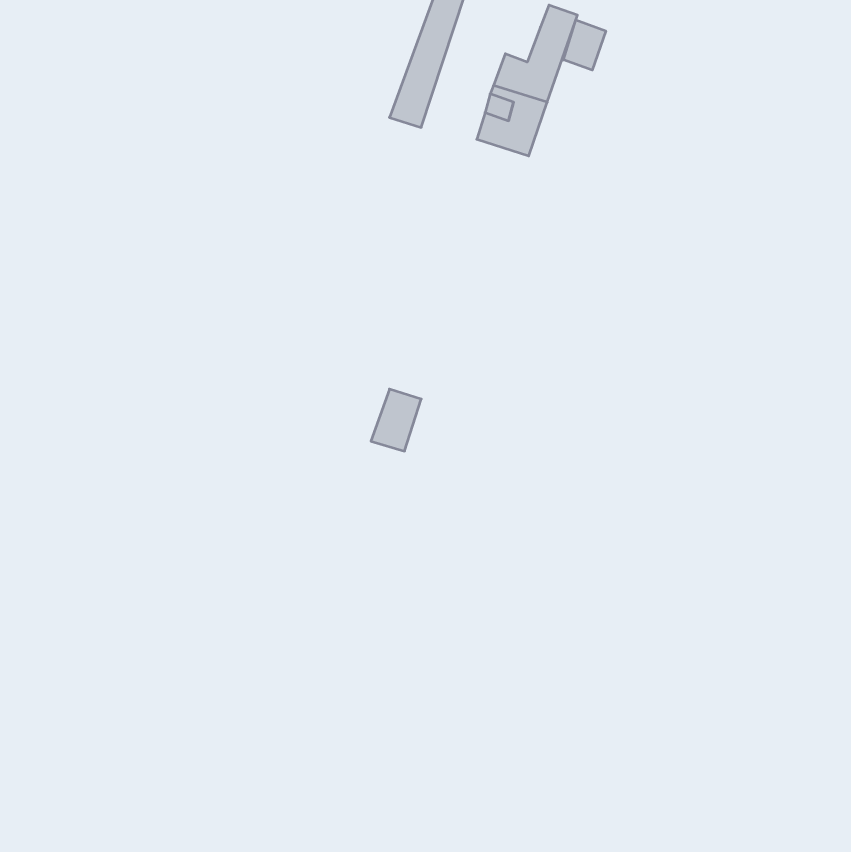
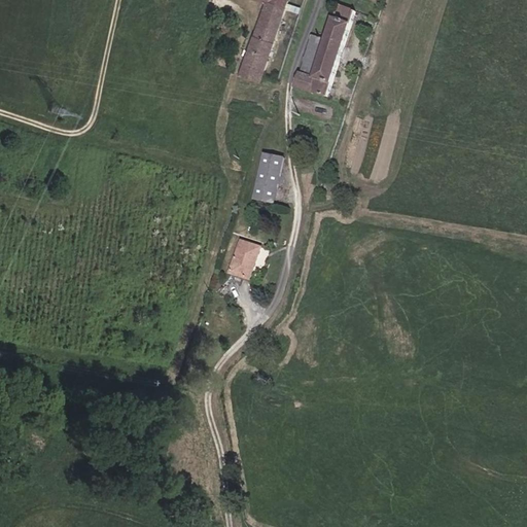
building: [563,20,606,70] -> none
building: none -> [251,150,281,201]

